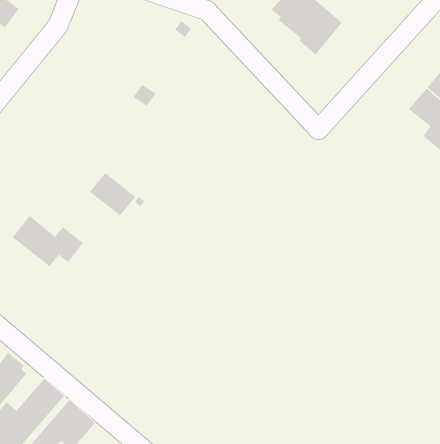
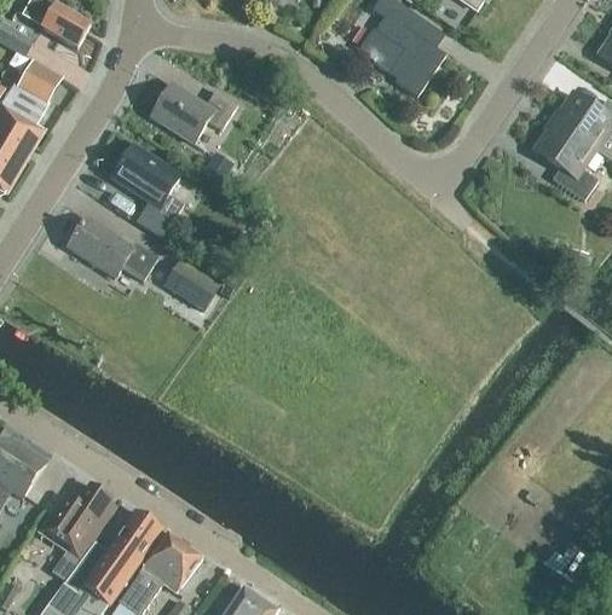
building: none -> [150,83,237,144]
building: none -> [111,145,183,238]
building: [12,215,84,267] -> [68,217,154,277]

